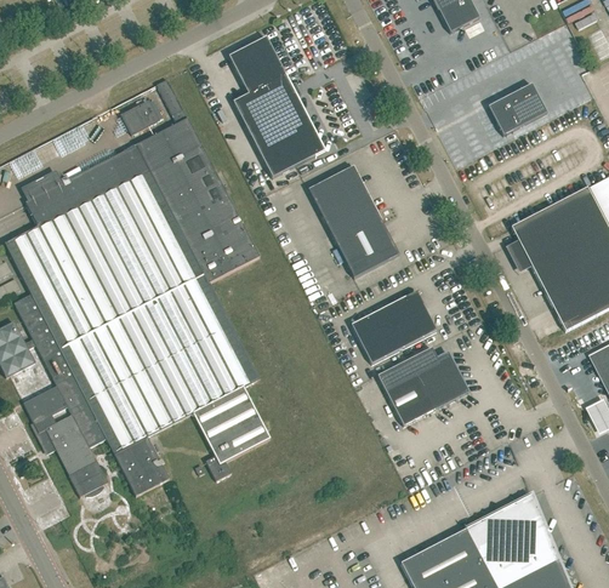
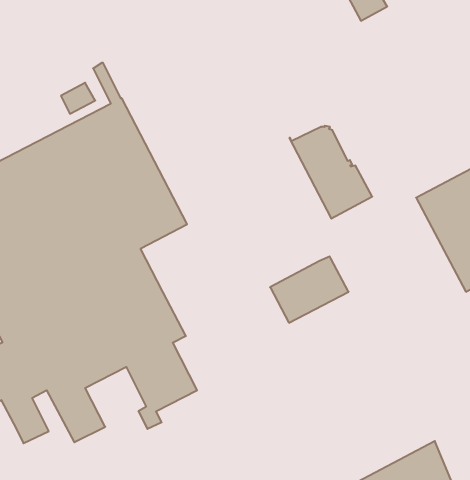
building: [228,35,325,176] -> none
building: [488,82,547,133] -> none
building: [308,175,399,276] -> [289,126,372,219]
building: [377,346,468,424] -> none

